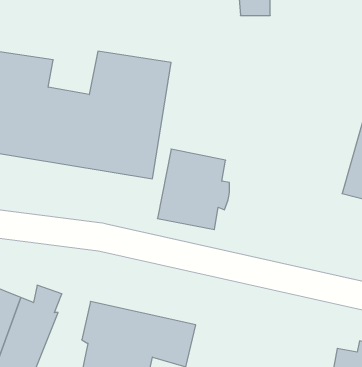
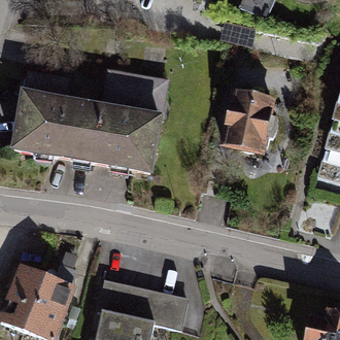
building: [157,149,229,230] -> [218,89,278,156]

